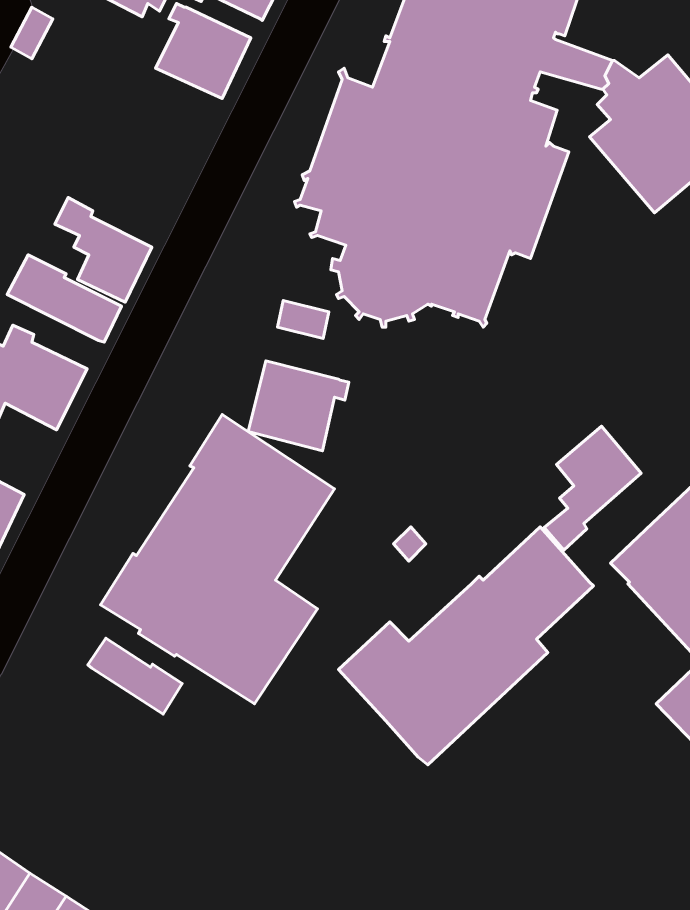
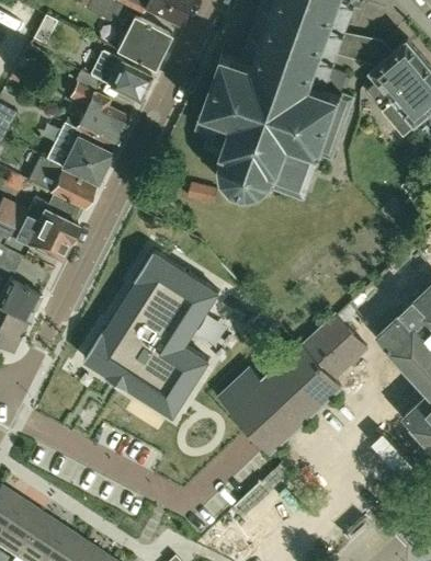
building: none -> [88,50,150,100]
building: none -> [71,84,131,149]
building: [248,361,349,451] -> none
building: [544,426,641,550] -> none
building: [88,638,182,714] -> none

